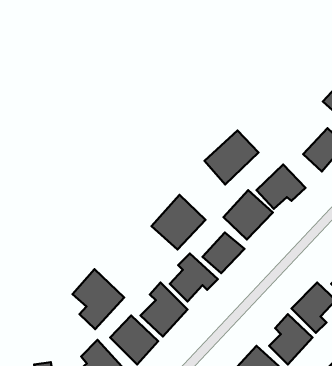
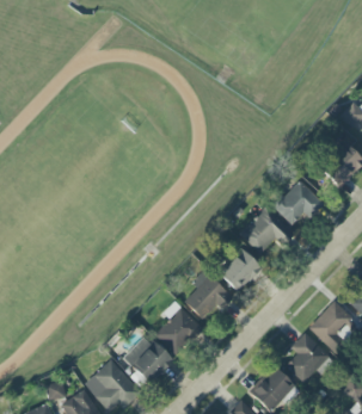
building: [204,130,259,184] -> none
building: [152,195,206,250] -> none
building: [72,269,124,329] -> none

